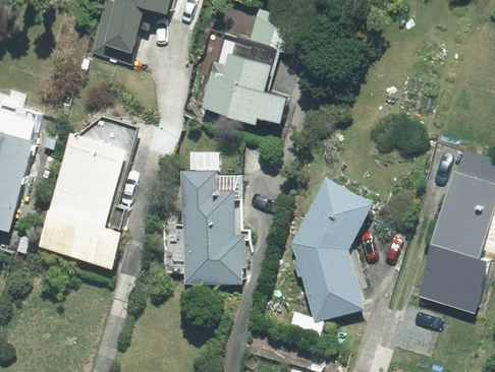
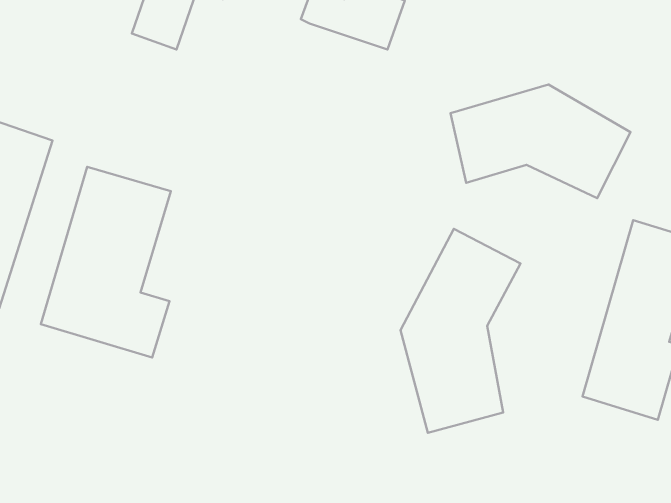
building: [201,34,288,131] -> none
building: none -> [450,85,631,198]
building: [176,152,240,284] -> none

